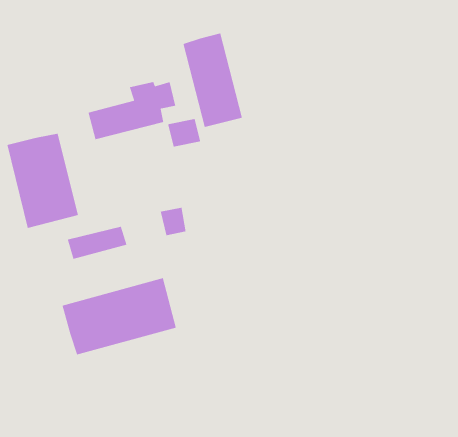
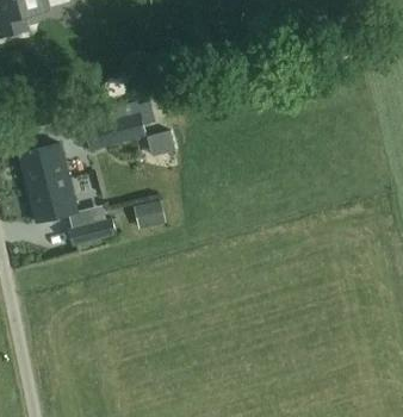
building: [183,32,243,128] -> none
building: [62,277,177,355] -> none

